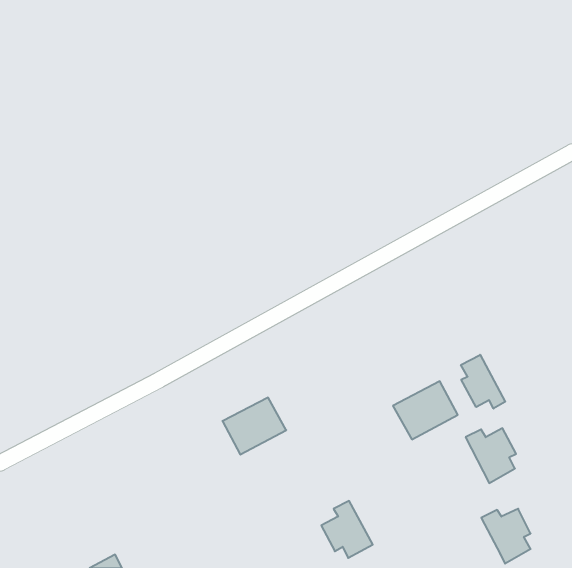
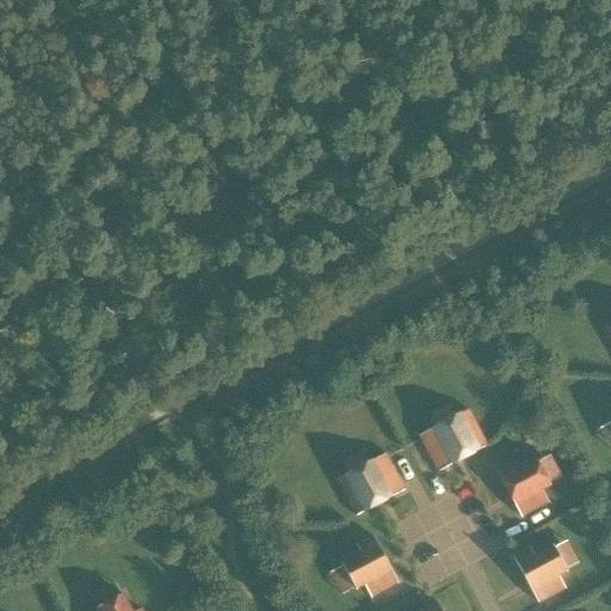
building: [461,355,505,409] -> none
building: [222,398,286,455] -> [338,452,406,513]

